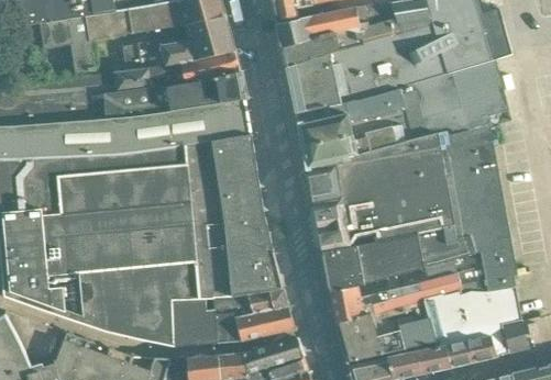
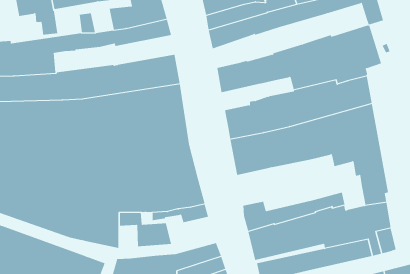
building: [291,33,491,115] -> none
building: [103,74,244,115] -> none
building: [302,127,395,169] -> none
building: [322,226,474,291] -> none
building: [458,267,486,297] -> none
building: [232,303,294,340] -> none
building: [173,316,196,346] -> none

